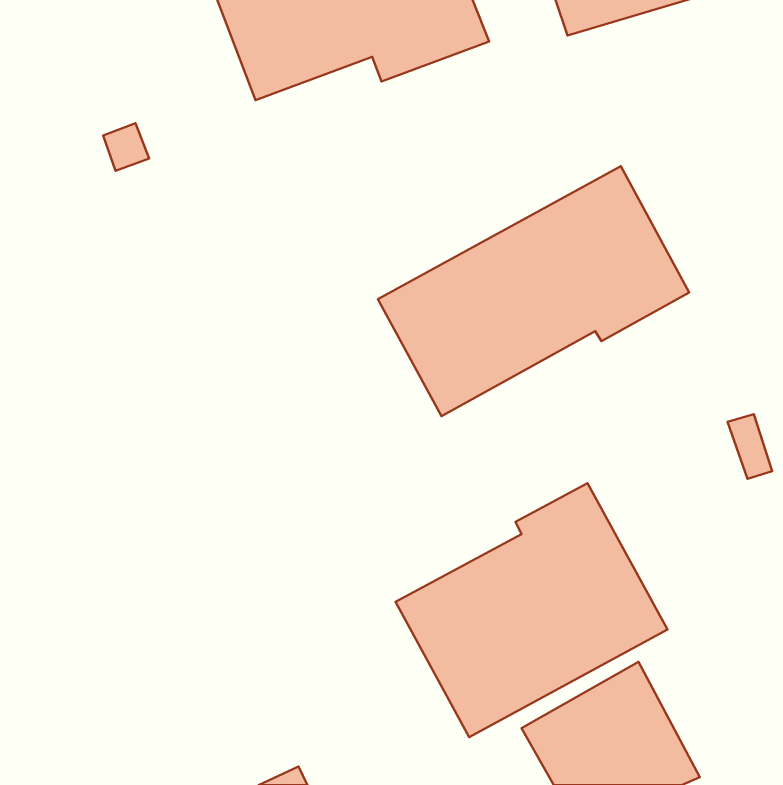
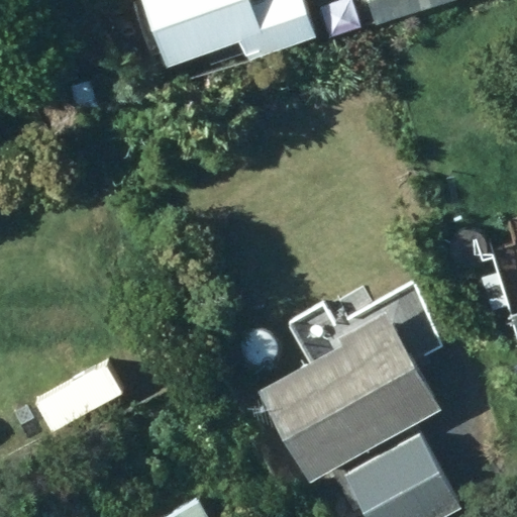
building: [378,166,689,416] -> none

